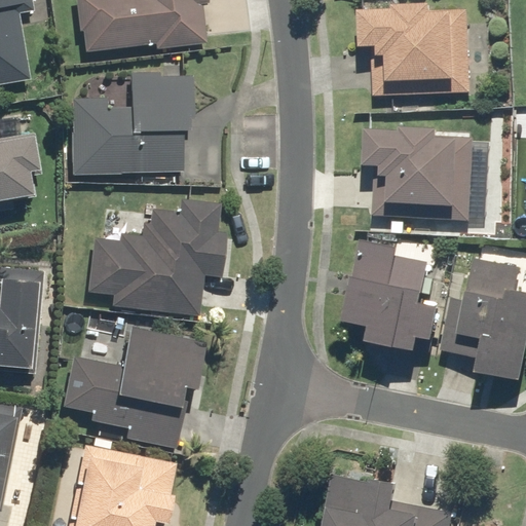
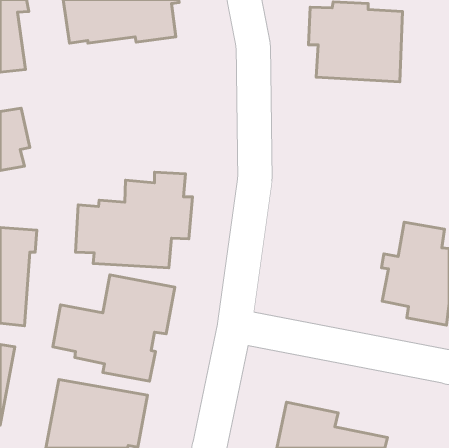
building: [68,74,190,185] -> none
building: [364,125,482,222] -> none
building: [345,238,441,359] -> none

